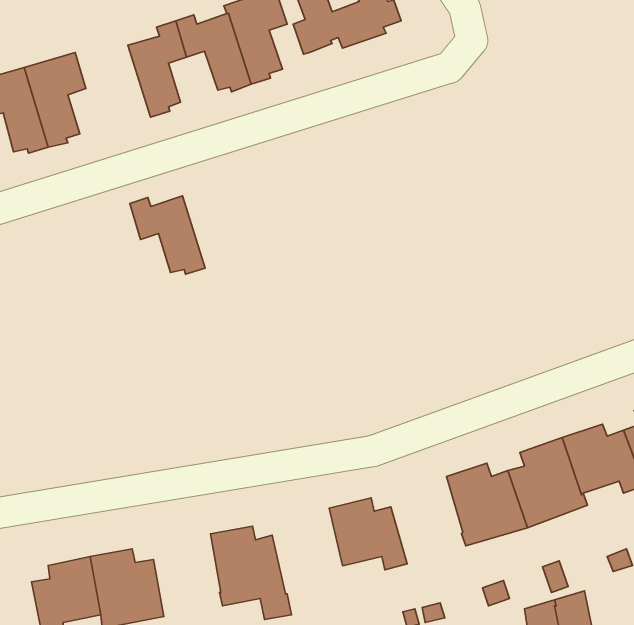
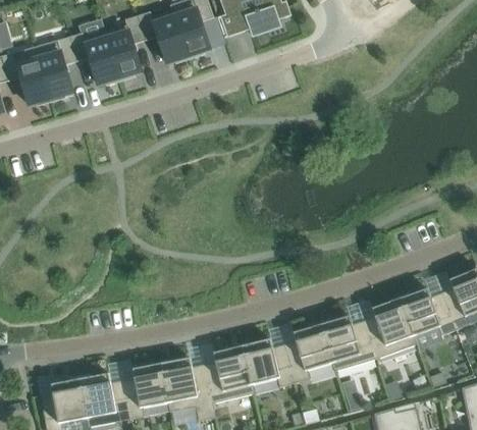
building: [130,196,205,274] -> [69,32,120,85]
building: none -> [283,324,332,383]
building: none -> [203,345,254,404]
building: none -> [122,363,168,419]

